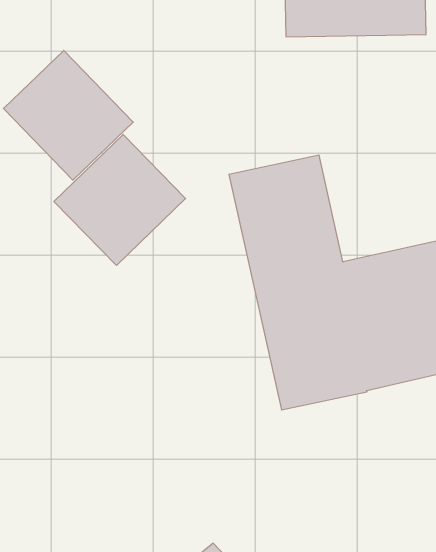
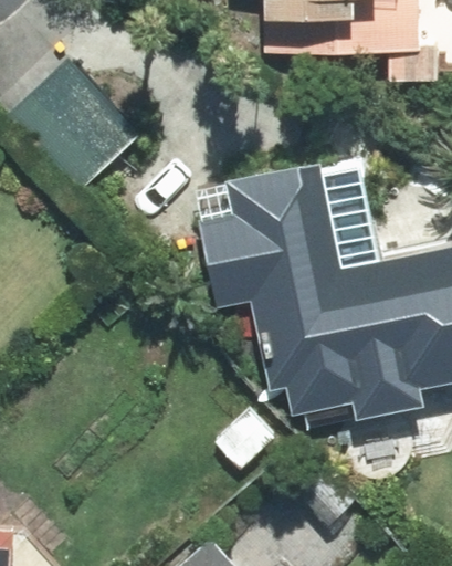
building: [54,135,186,265] -> none

